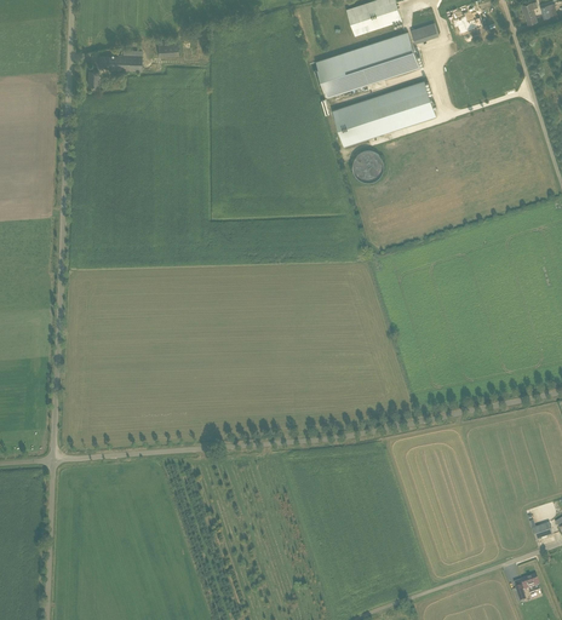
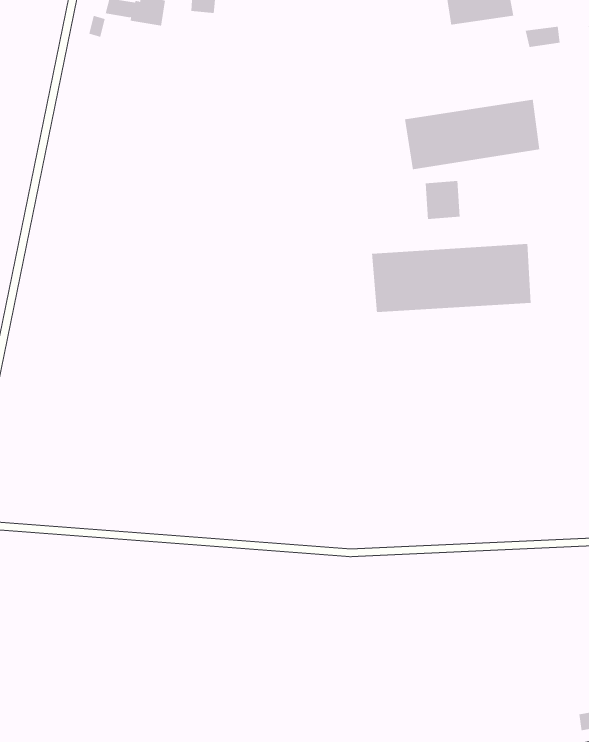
building: [314,31,420,97] -> none
building: none -> [371,243,531,313]

